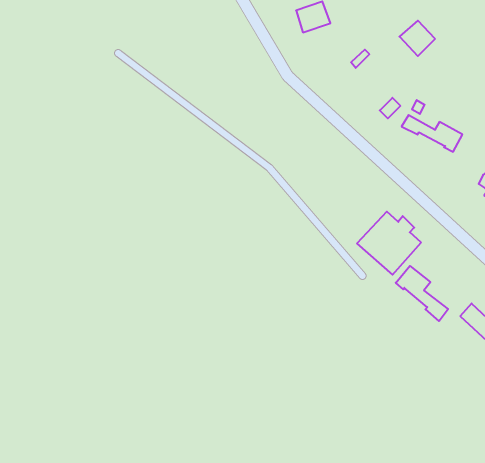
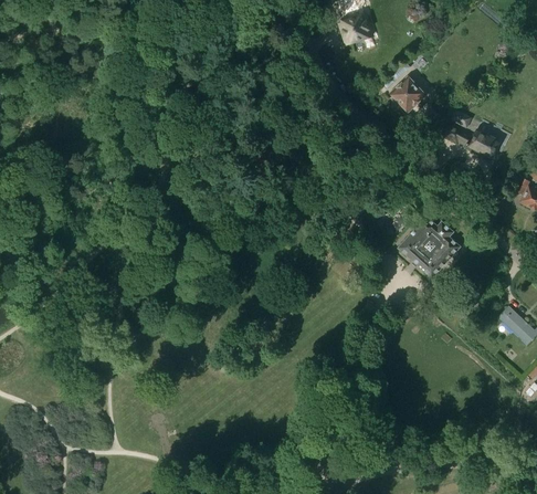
building: [399,21,435,56] -> [390,77,424,112]
building: [396,266,448,321] -> none

